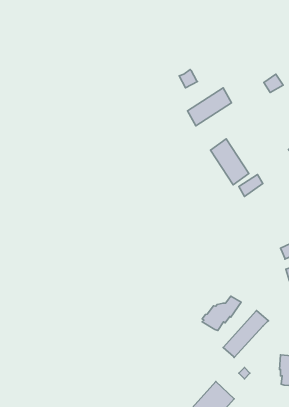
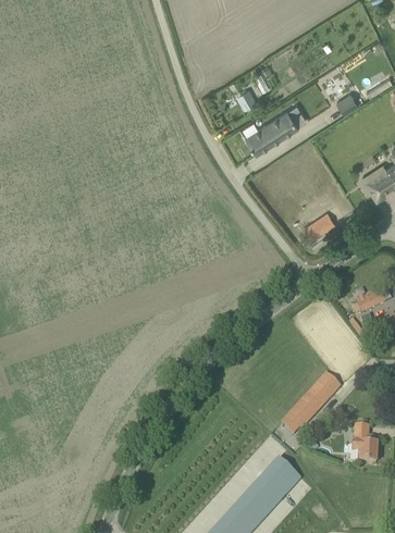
building: [211,139,249,185] -> none
building: [202,296,241,330] -> none

